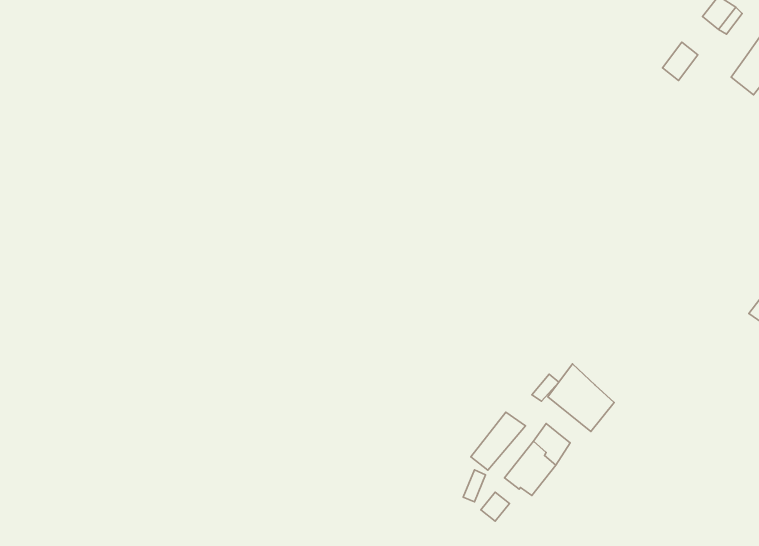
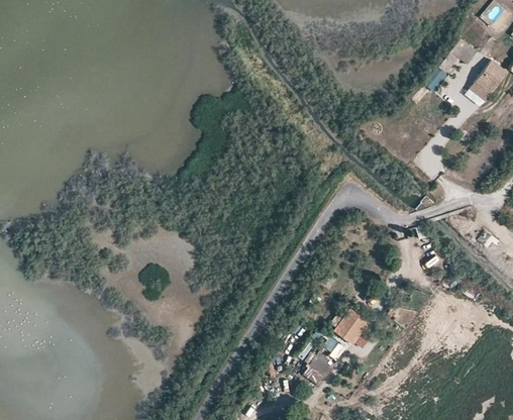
building: [548,364,614,431] -> none
building: [471,412,526,470] -> none

